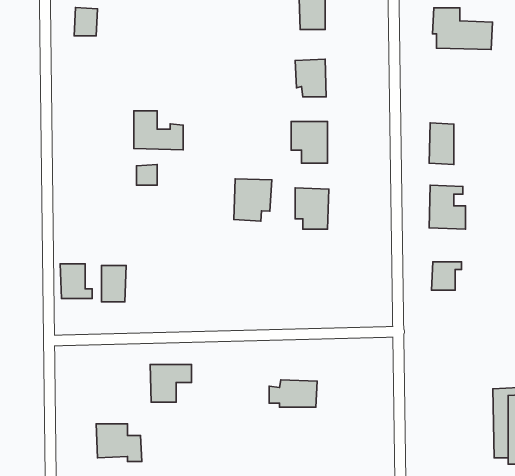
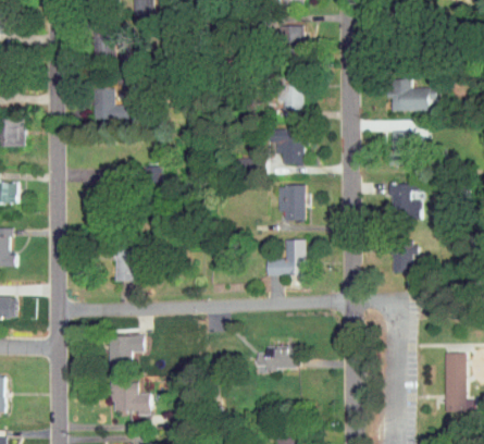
building: [433,8,492,50] -> [387,76,437,111]
building: [134,111,183,150] -> [94,88,135,121]
building: [234,179,272,221] -> none
building: none -> [265,239,306,275]
building: [60,264,92,298] -> none
building: [150,364,192,402] -> [108,336,142,368]

